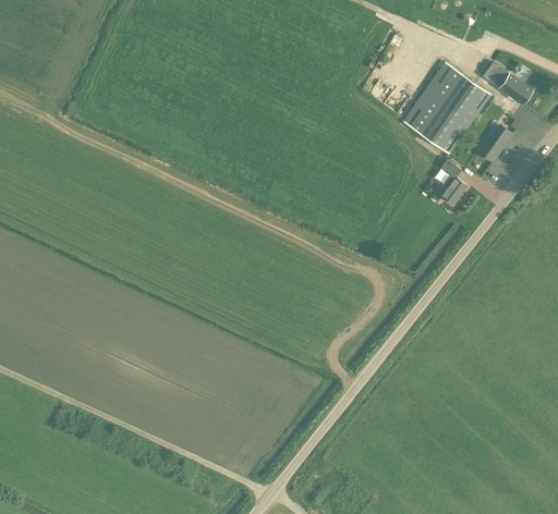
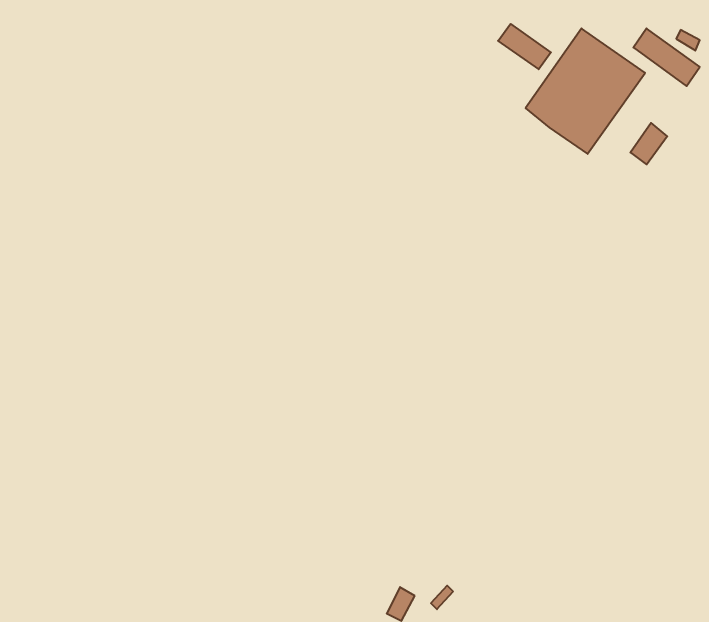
building: none -> [498,24,551,69]
building: [440,158,465,203] -> none

